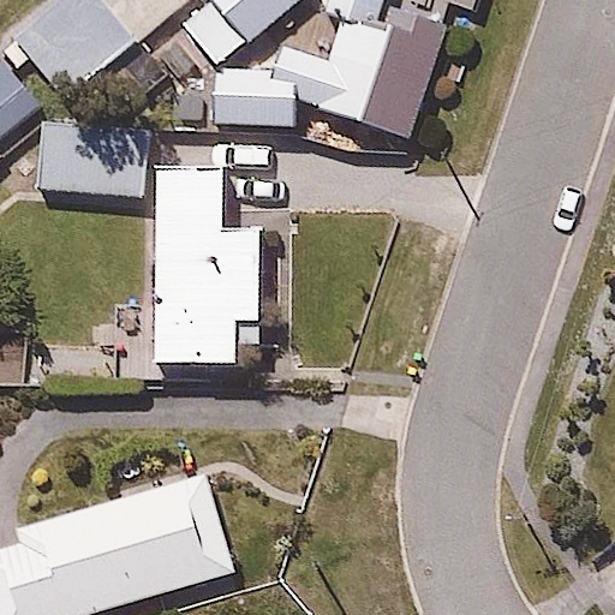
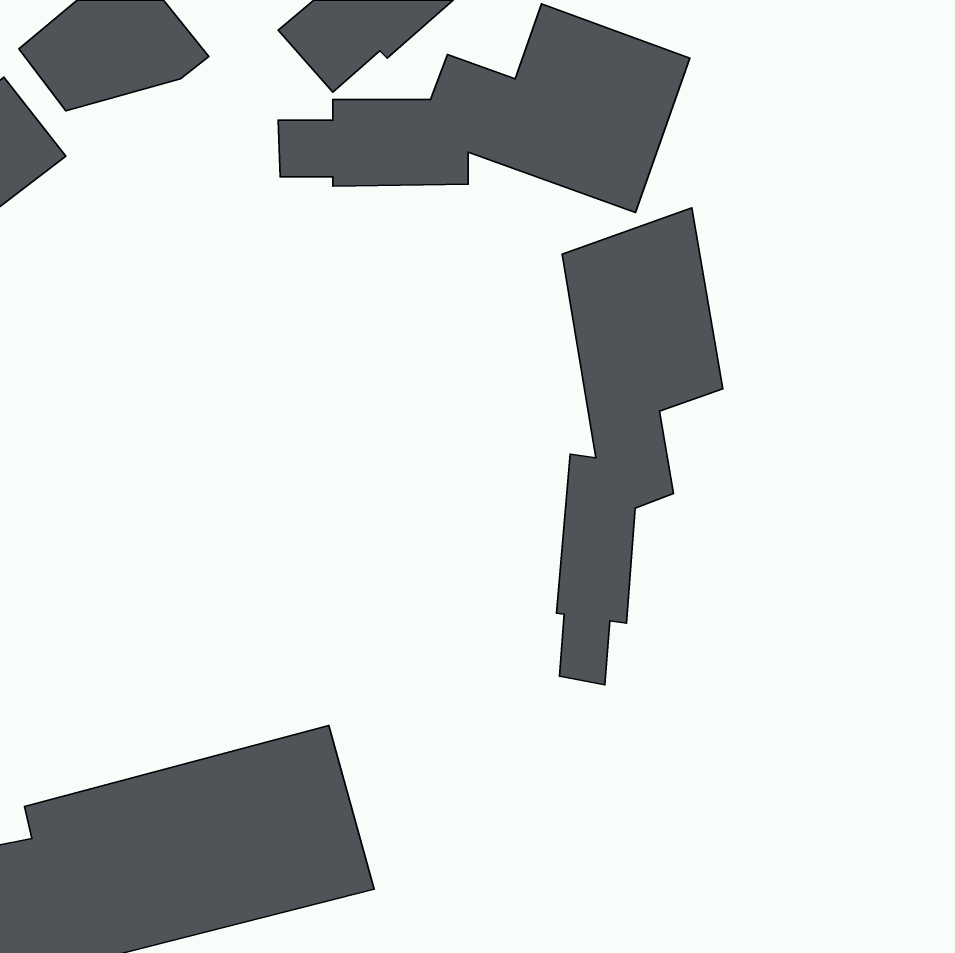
building: none -> [556,208,723,685]
building: [150,155,263,370] -> none

